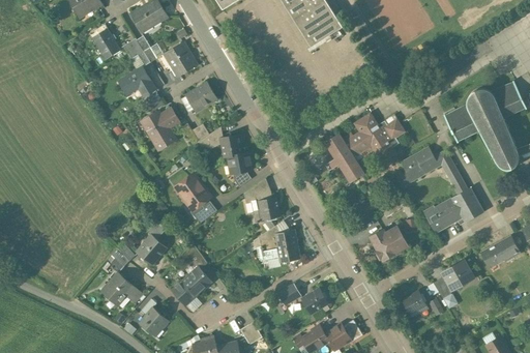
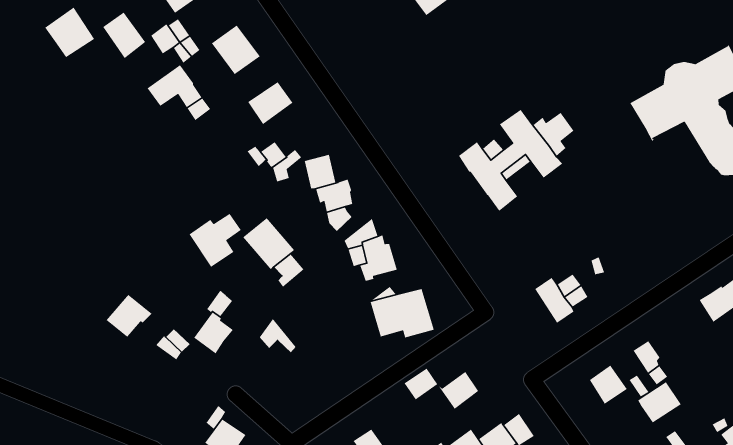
building: none -> [44,7,95,58]
building: [142,109,178,145] -> [189,213,242,268]
building: [396,147,483,234] -> none
building: [442,261,472,289] -> [637,381,682,424]
building: [172,267,211,304] -> none
building: [101,273,134,304] -> [105,294,153,340]

